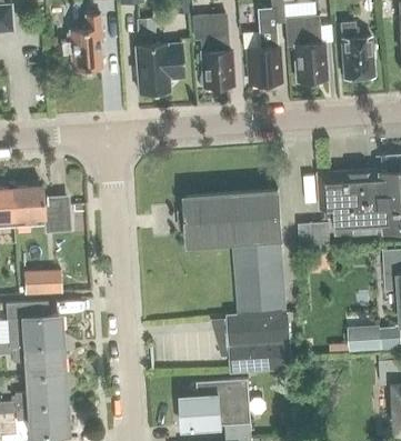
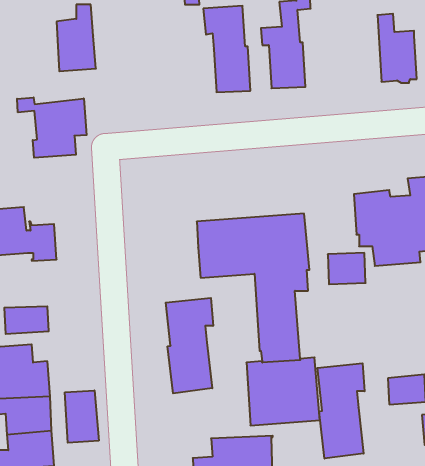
building: [285,16,327,82] -> none
building: [134,42,183,93] -> none
building: none -> [17,97,87,158]
building: none -> [166,298,213,393]
building: none -> [317,363,365,459]
building: none -> [65,390,99,443]

